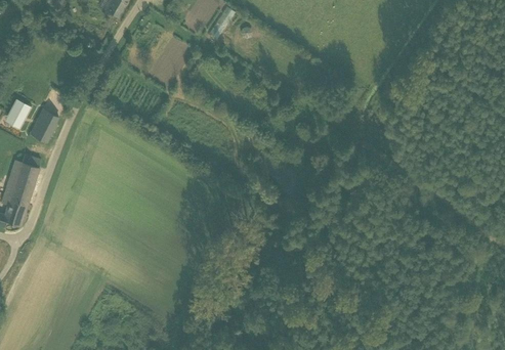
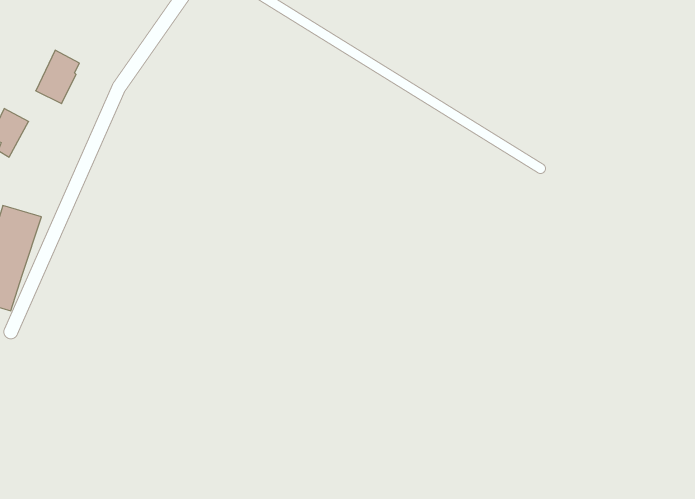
building: [30,108,57,142] -> [36,50,79,104]

